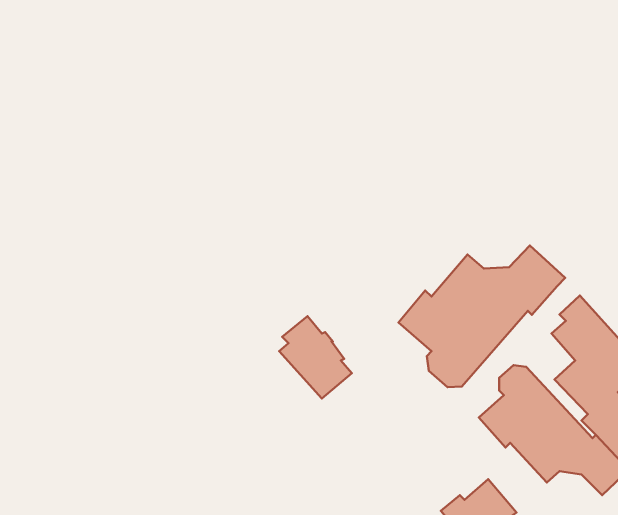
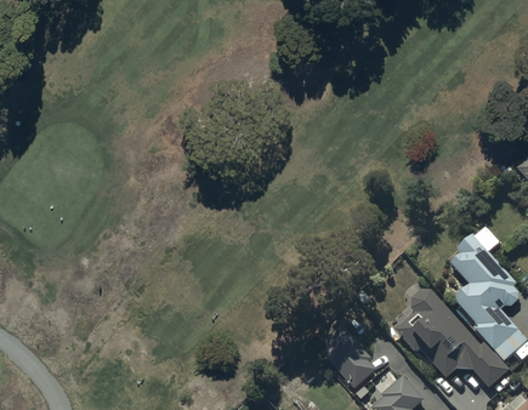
building: [399,246,565,387] -> none
building: [279,316,352,399] -> [322,326,377,389]

